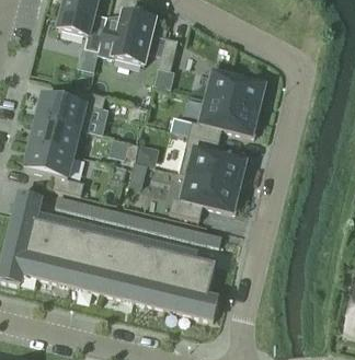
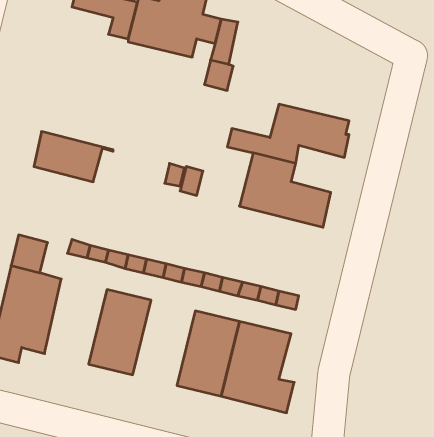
building: [206,61,263,109] -> none
building: [35,88,104,130] -> none
building: [23,142,83,195] -> none
building: [168,171,238,218] -> none
building: [37,223,82,284] -> none
building: [101,239,146,300] -> none

